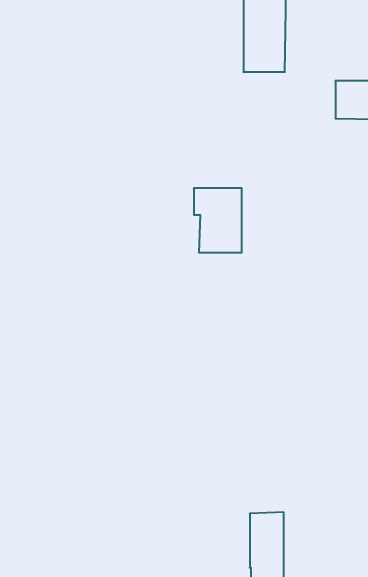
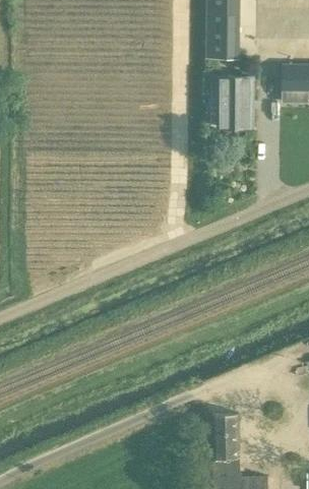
building: [194,188,242,253] -> [213,76,252,128]

